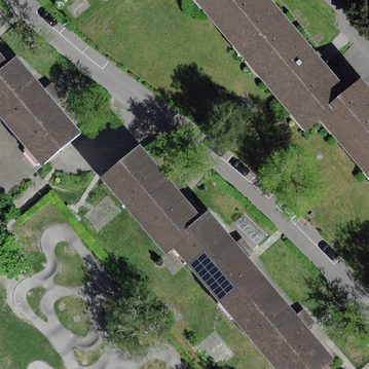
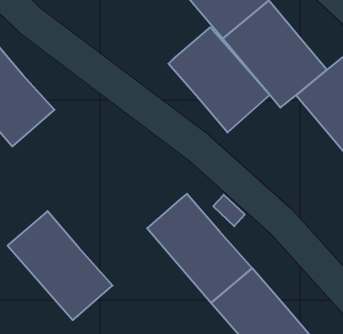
building: none -> [168,27,270,133]
building: [102,143,205,250] -> [8,211,113,320]

